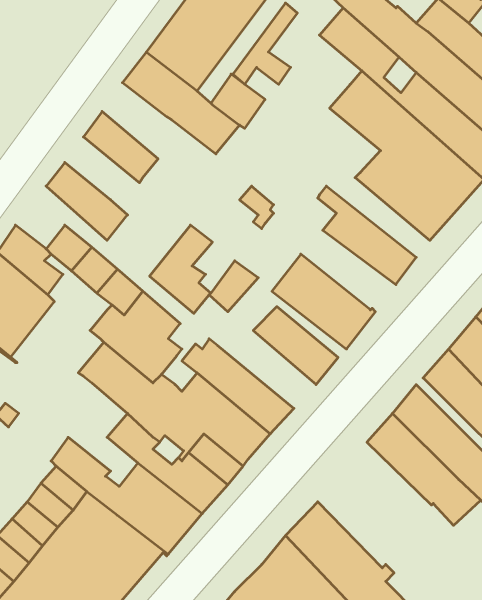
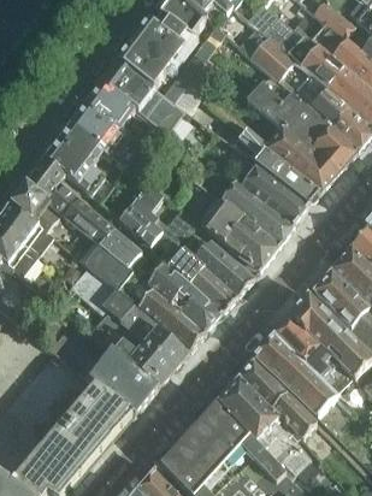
building: none -> [84,82,134,136]
building: none -> [58,120,111,165]
building: none -> [232,129,317,206]
building: none -> [23,155,66,200]
building: none -> [220,182,293,244]
building: none -> [166,249,236,313]
building: none -> [255,337,333,415]
building: none -> [237,361,313,439]

